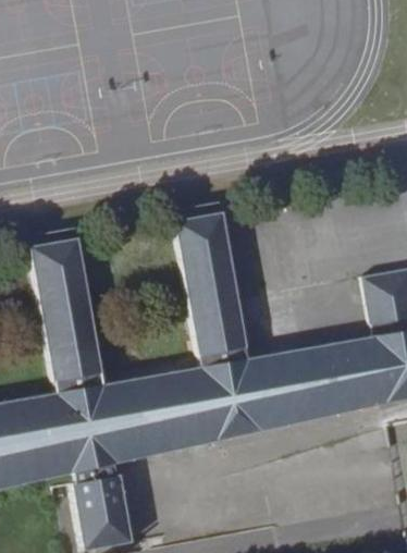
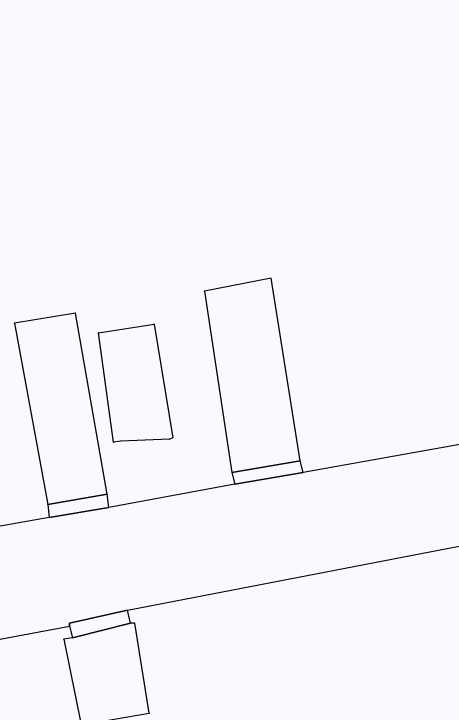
building: none -> [99,324,173,442]

